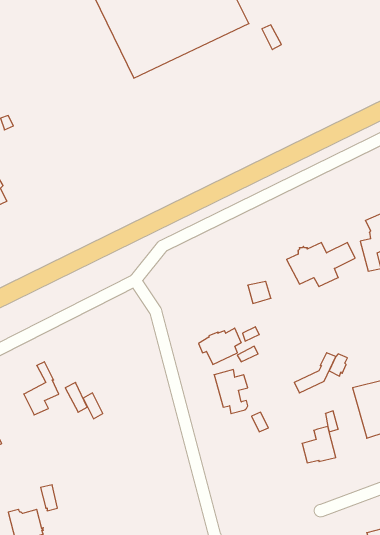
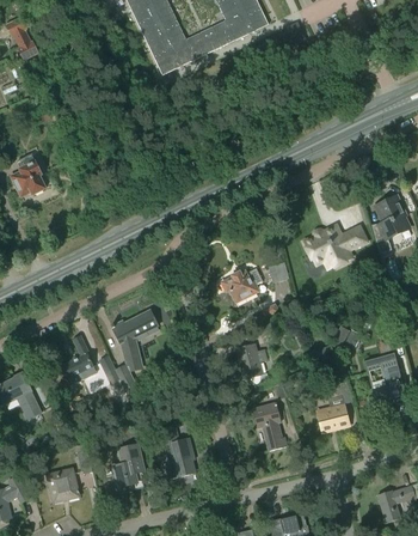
building: [199,328,241,364] -> [222,268,262,302]
building: none -> [111,311,159,371]
building: none -> [252,403,287,451]
building: none -> [161,424,195,476]
building: none -> [113,444,142,487]

